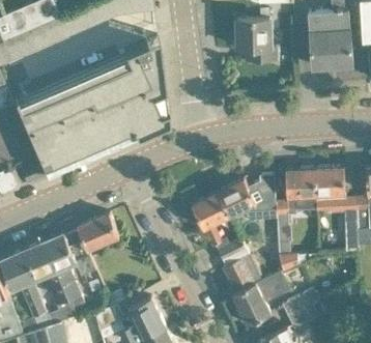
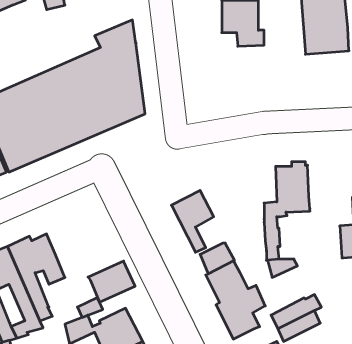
building: [315,167,346,207] -> none
building: [218,176,276,218] -> none
building: [77,212,119,250] -> [88,261,135,302]

